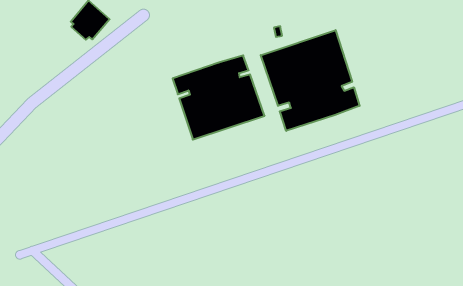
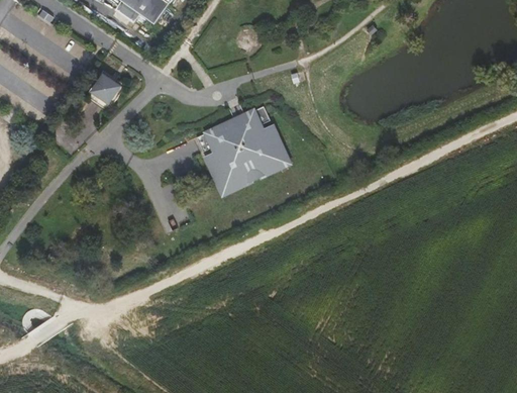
building: [261,30,360,131] -> none

